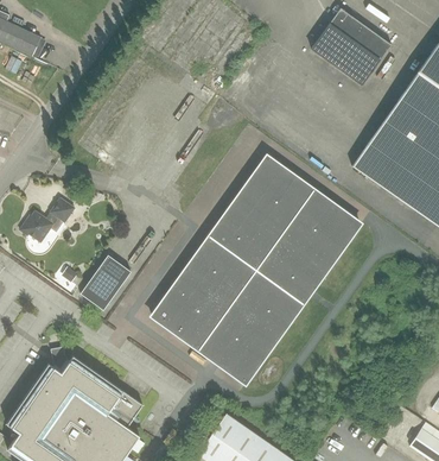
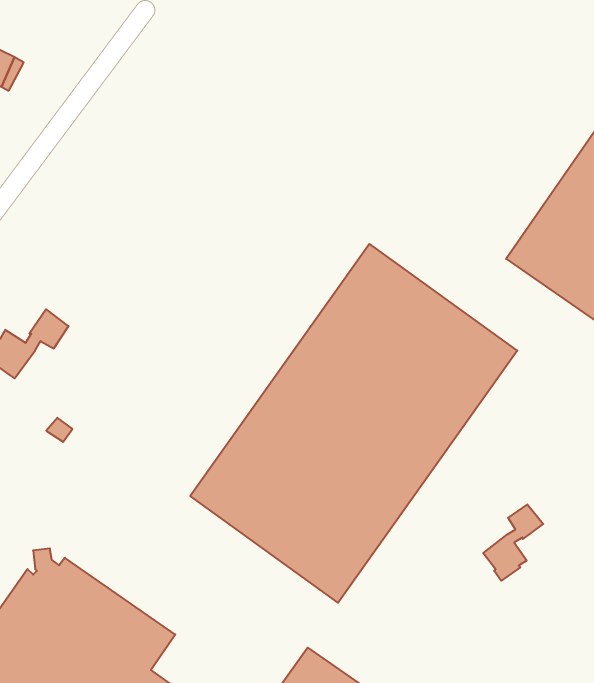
building: [308,8,390,86] -> none
building: [79,254,131,309] -> none
building: none -> [483,504,543,581]

